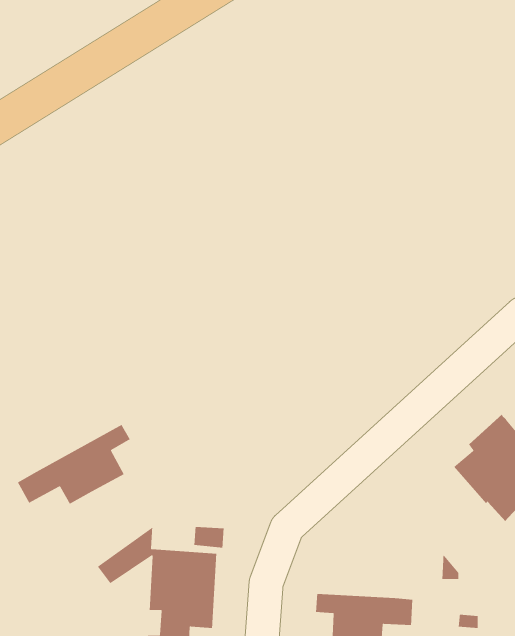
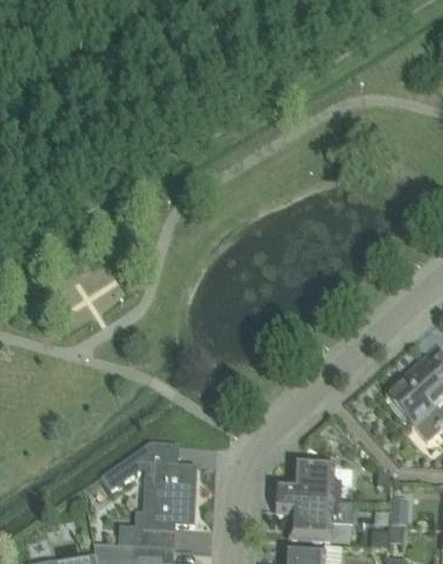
building: [17,424,131,505] -> none
building: none -> [278,460,353,501]

